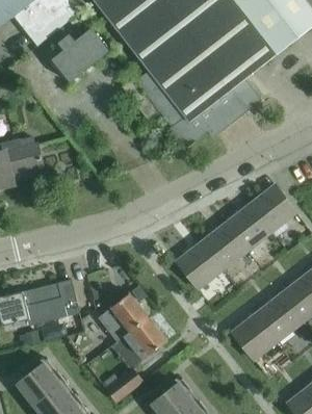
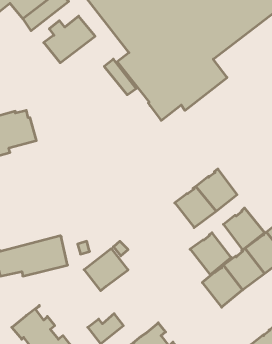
building: [250,184,296,232] -> [223,208,265,250]
building: [176,241,223,289] -> [190,233,231,275]
building: [123,317,166,360] -> none

